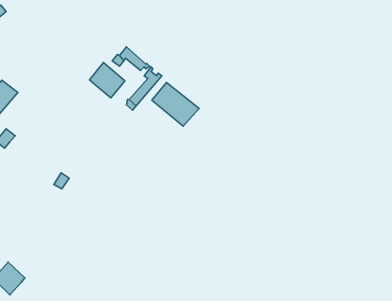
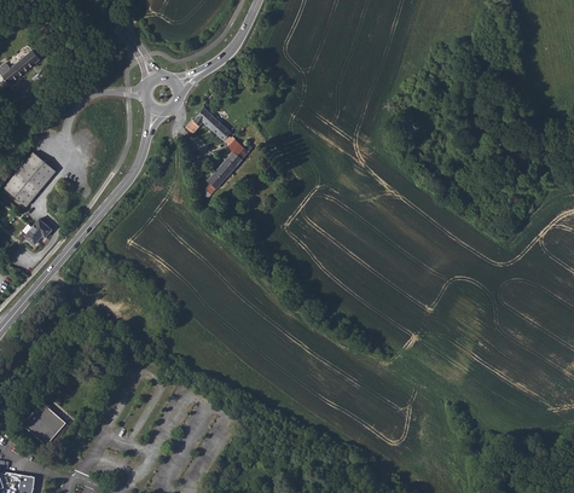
building: [90,63,125,98] -> none
building: [152,83,199,126] -> none

